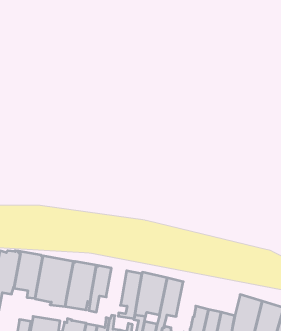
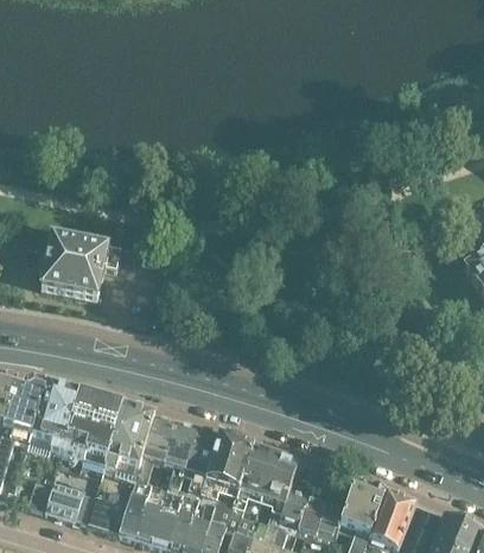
building: none -> [43,237,122,300]
building: none -> [164,424,197,494]
building: none -> [261,455,299,514]

